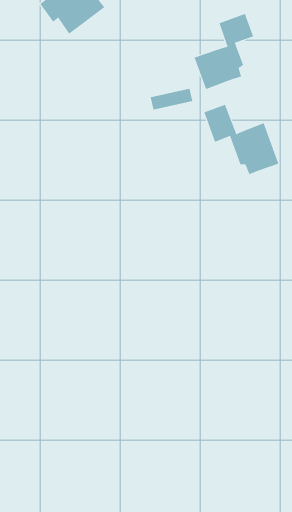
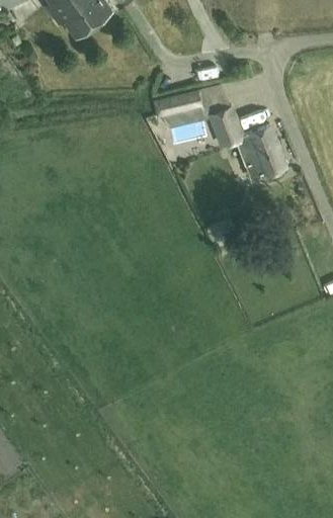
building: [194,13,254,90] -> none

